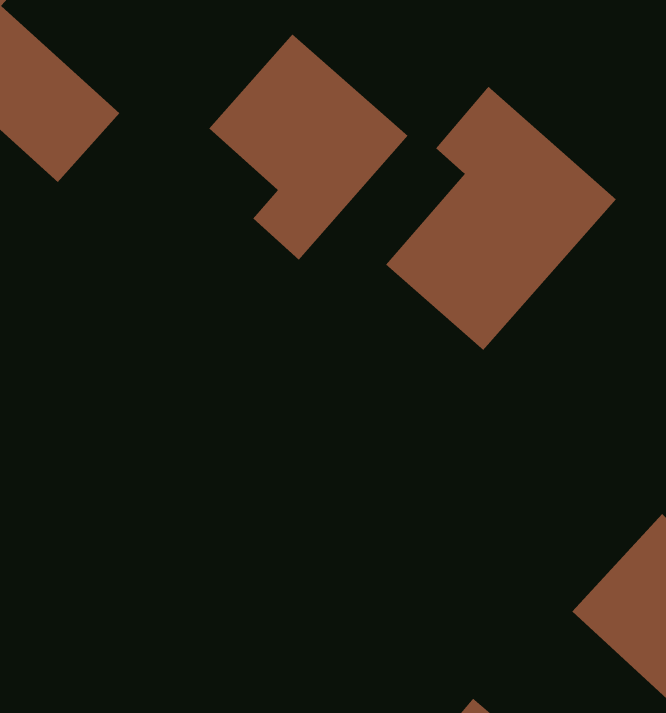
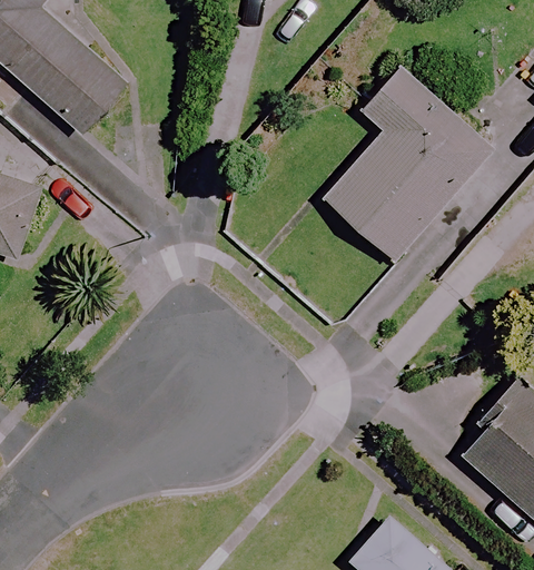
building: [208,33,409,261] -> none

